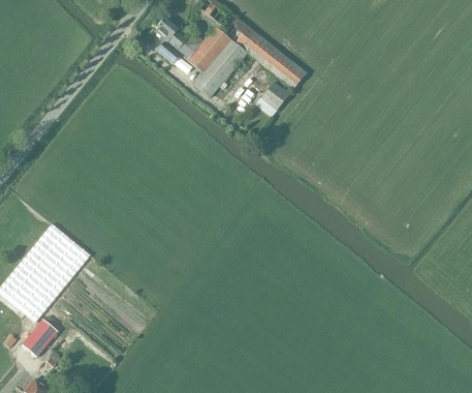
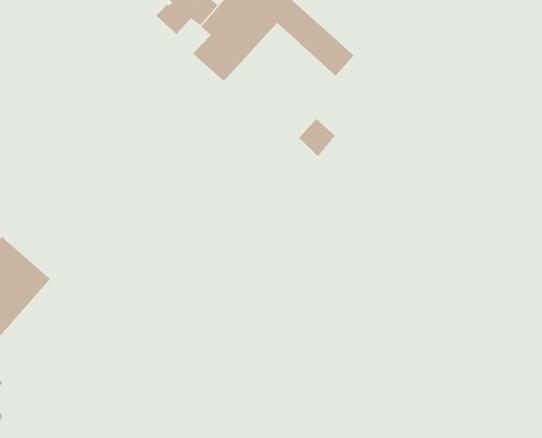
building: [263,84,291,113] -> [298,118,336,157]

